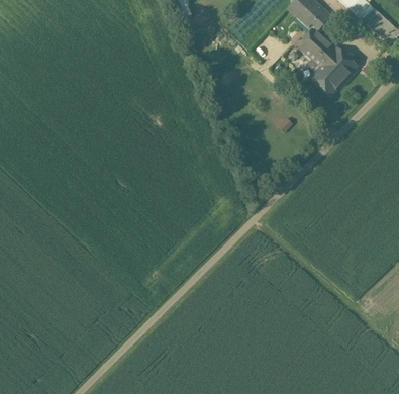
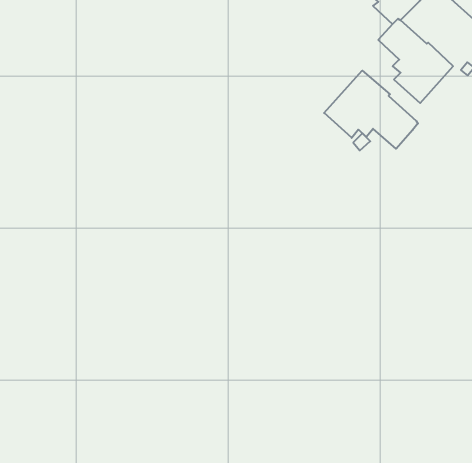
building: none -> [324,71,418,149]

